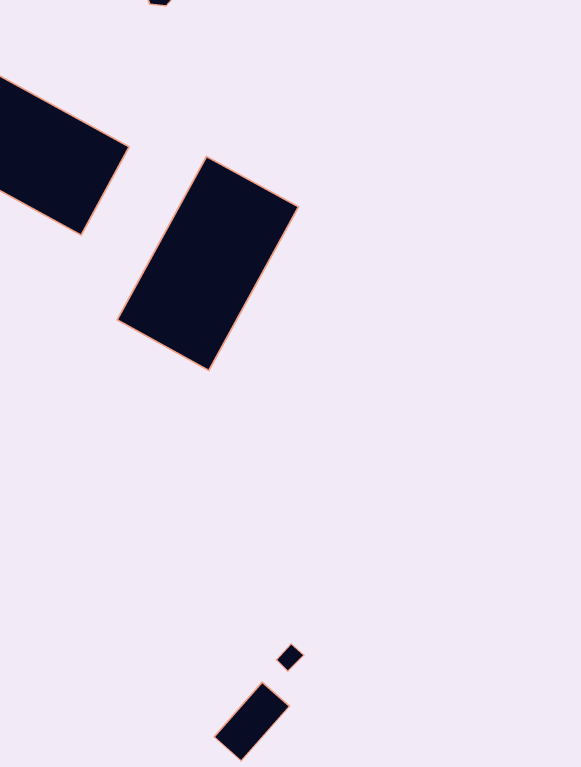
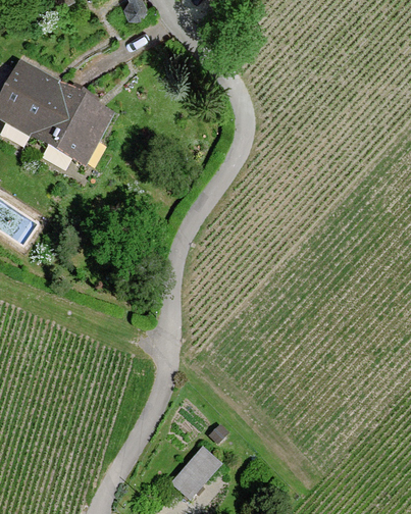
building: [117,156,298,370] -> none

